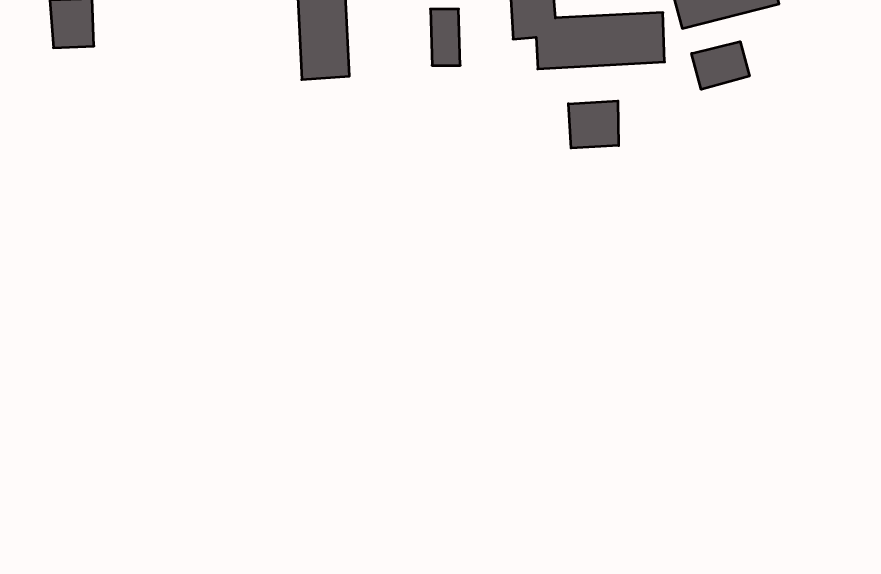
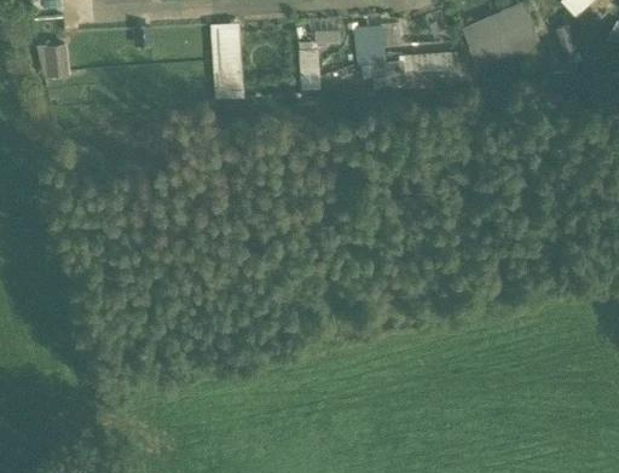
building: [692,42,749,89] -> none
building: [568,101,619,148] -> none

